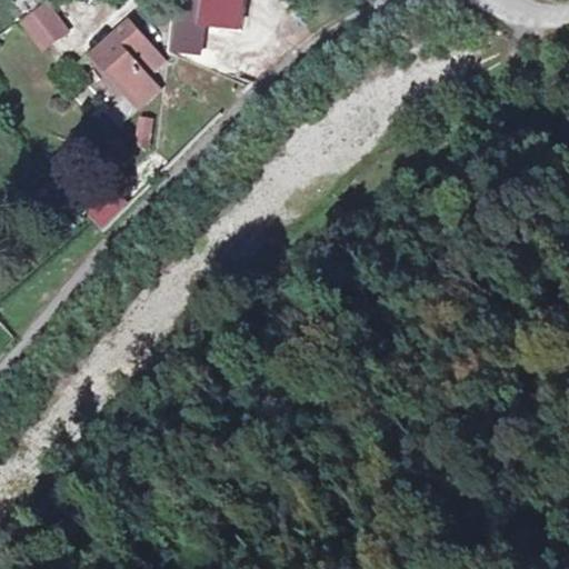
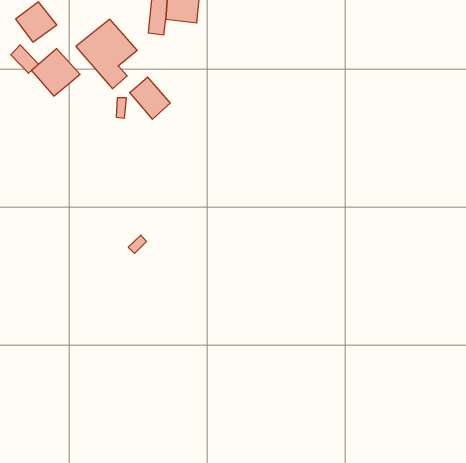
building: none -> [32,49,80,96]
building: none -> [130,77,170,119]

